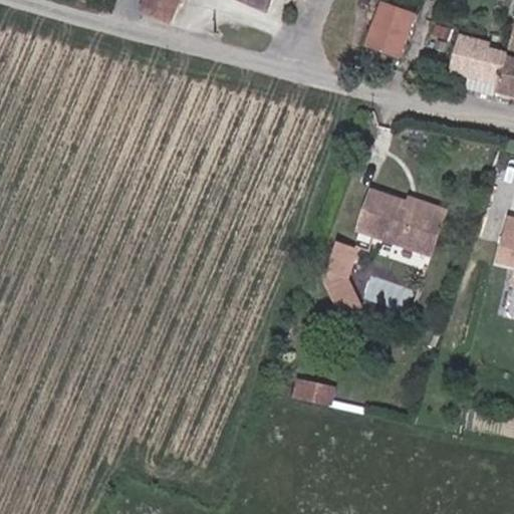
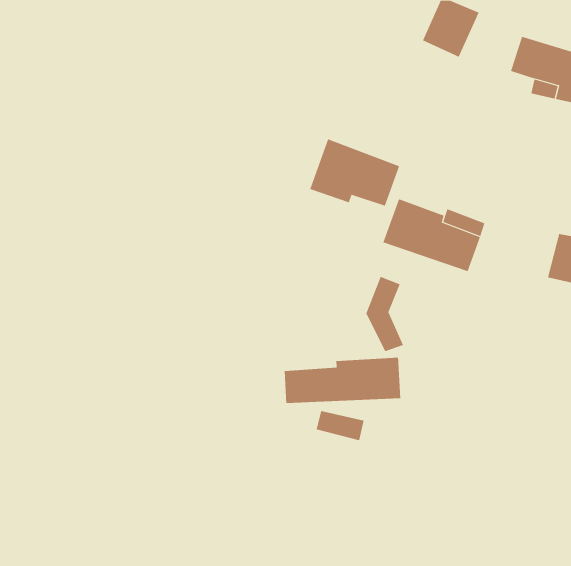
building: none -> [310,138,400,206]
building: none -> [284,357,401,404]

